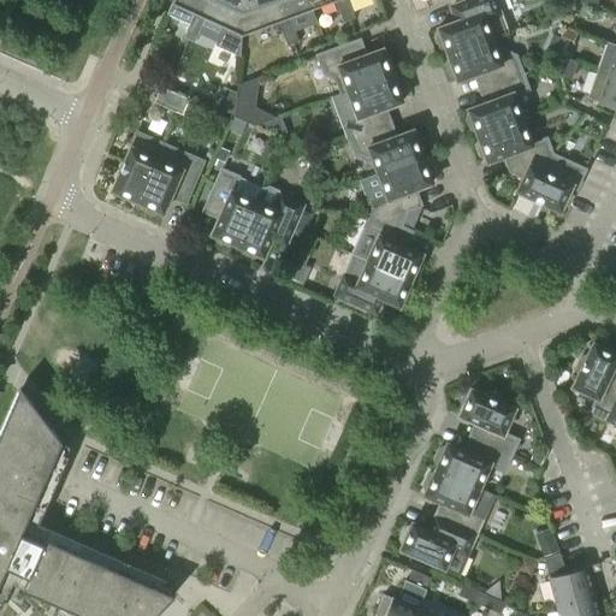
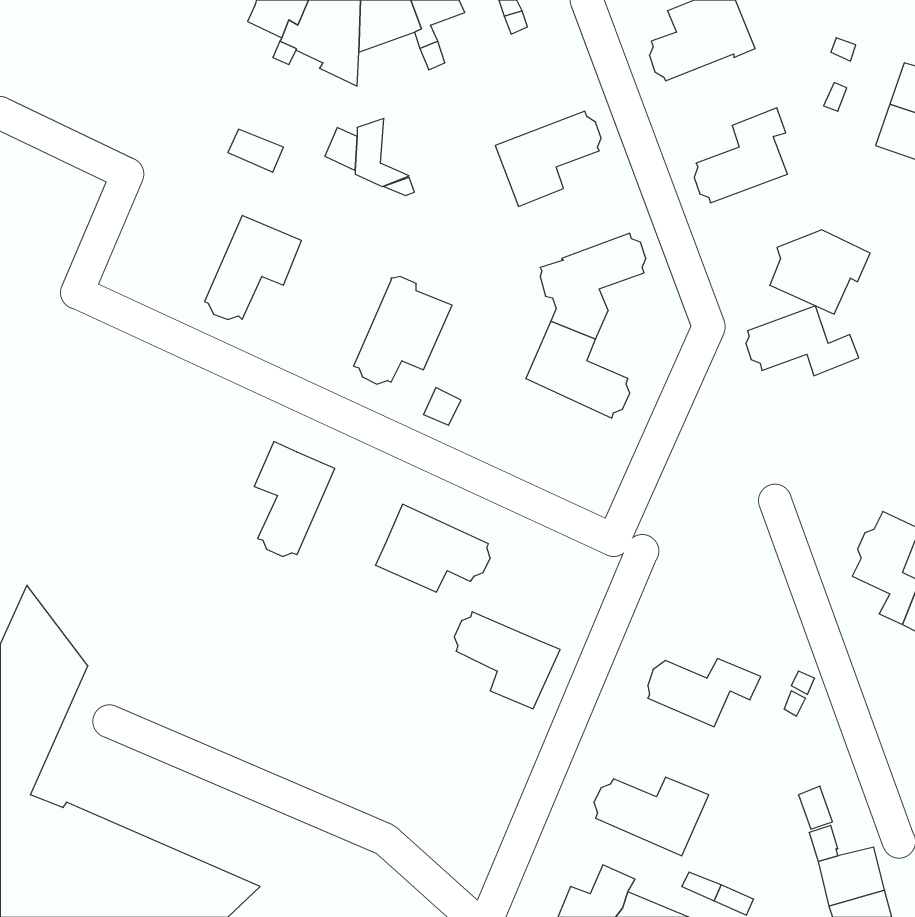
building: [446,36,522,84] -> none
building: [319,45,395,97] -> none
building: [476,119,552,166] -> [746,306,859,376]
building: [349,126,425,173] -> none
building: [112,132,164,203] -> none
building: [209,170,263,247] -> [254,442,335,556]
building: [336,254,413,313] -> [375,504,490,592]
building: [460,389,517,454] -> none
building: [424,468,494,533] -> [454,612,560,709]

